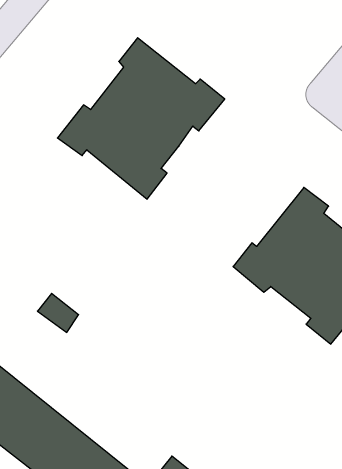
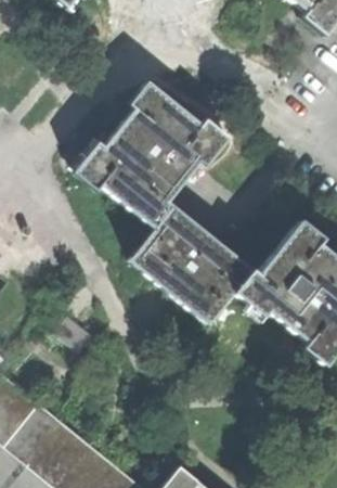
building: none -> [130,206,252,324]

